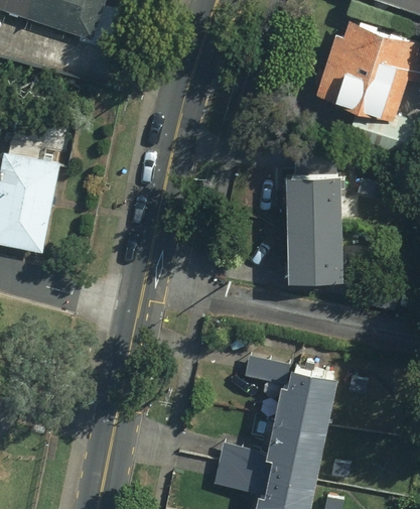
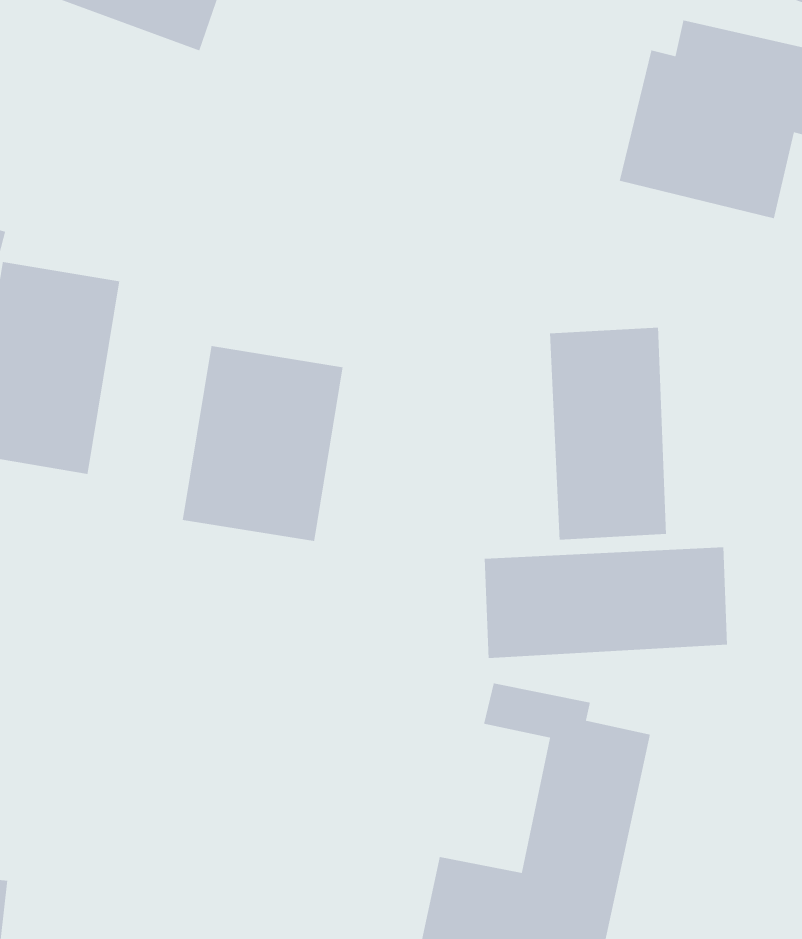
building: none -> [182,345,344,542]
building: none -> [484,547,728,659]

